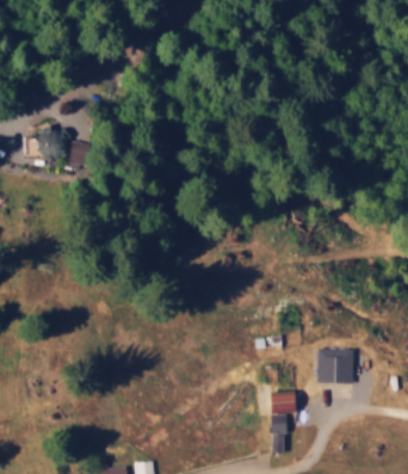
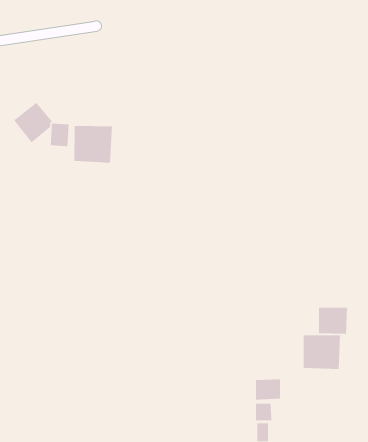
building: none -> [73,125,113,163]
building: none -> [318,307,348,334]

